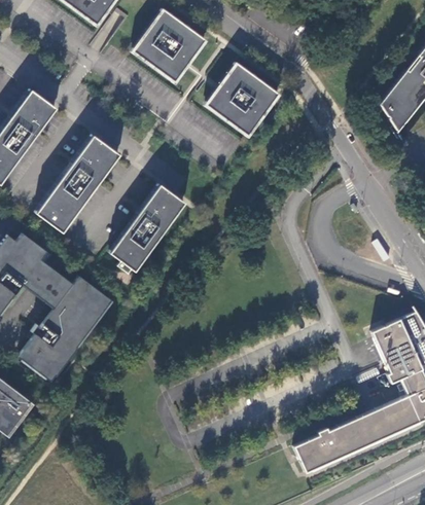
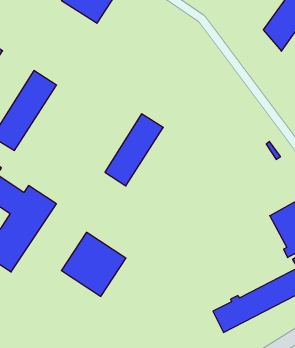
building: [207,62,279,134] -> none
building: [111,183,186,270] -> [105,114,163,186]
building: none -> [61,232,126,296]

